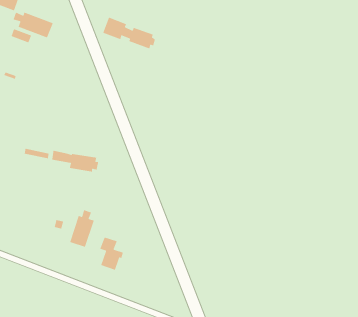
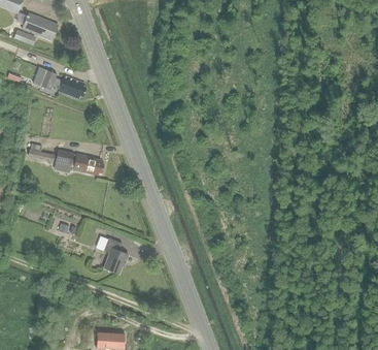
building: [102,17,156,50] -> [31,65,84,98]
building: [69,209,95,248] -> none

